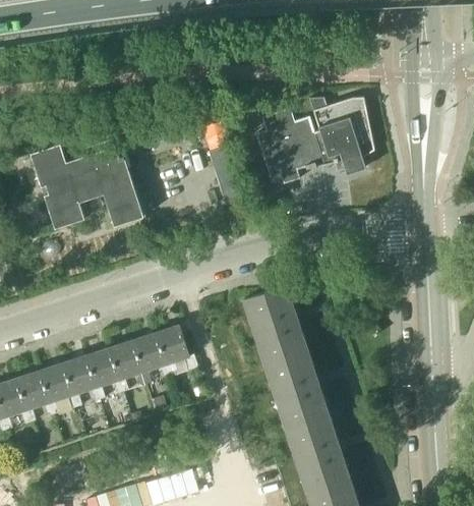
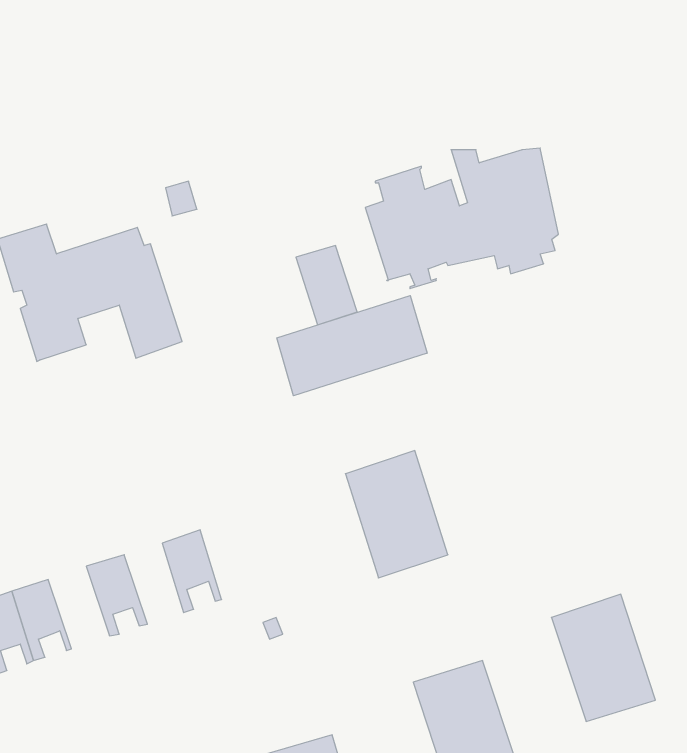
building: none -> [277,296,427,396]
building: [154,325,196,376] -> none
building: [107,341,143,391] -> none
building: [263,348,328,427] -> [551,594,655,721]
building: [60,355,98,406] -> none

